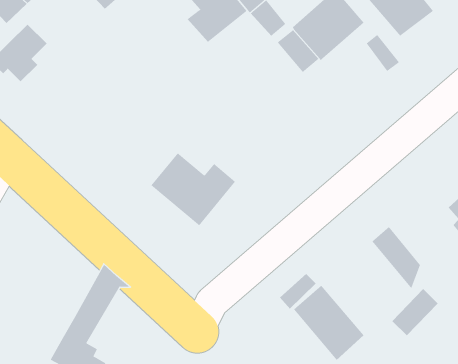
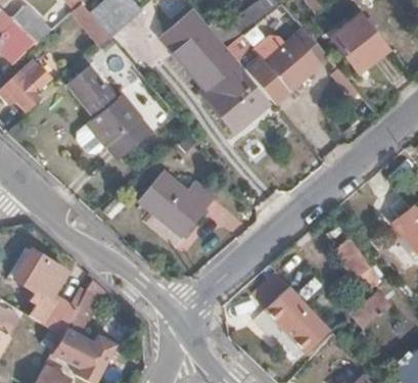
building: none -> [68,66,151,158]
building: none -> [200,70,269,133]
building: none -> [13,249,74,336]

